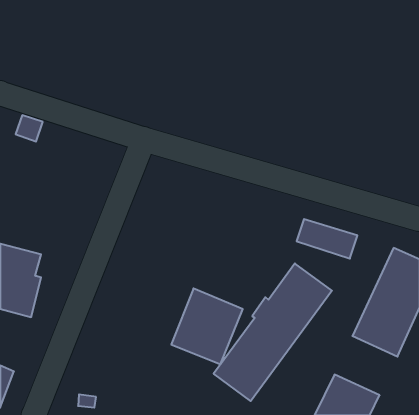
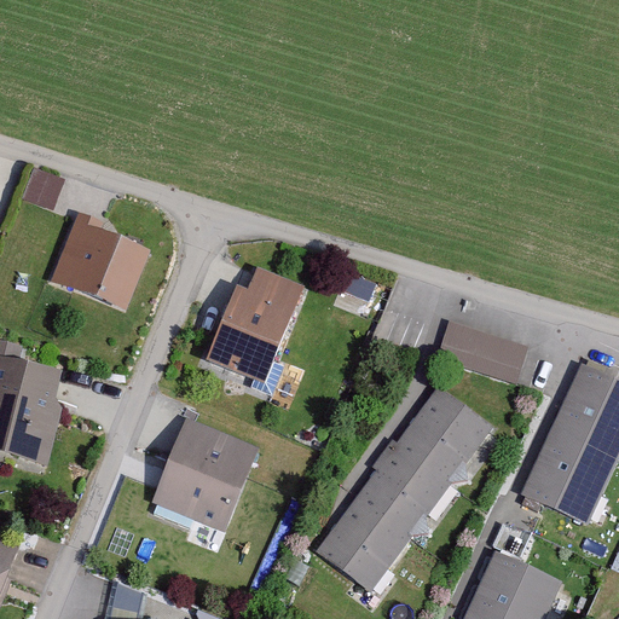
building: none -> [51,213,150,312]
building: none -> [207,266,303,393]
building: [171,288,243,364] -> [152,418,258,530]

